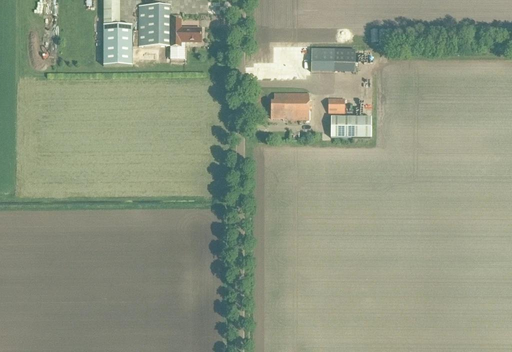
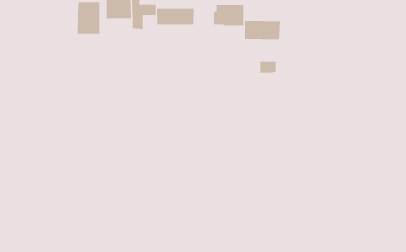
building: none -> [156,8,194,25]
building: [271,92,309,118] -> [213,5,244,26]
building: [331,116,371,137] -> none

